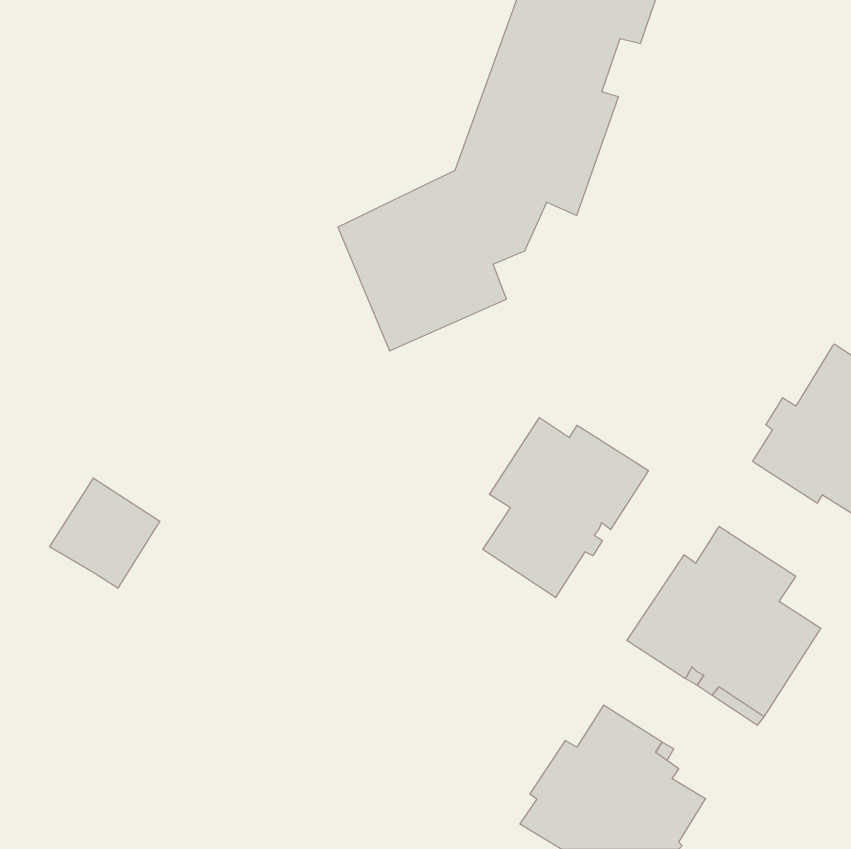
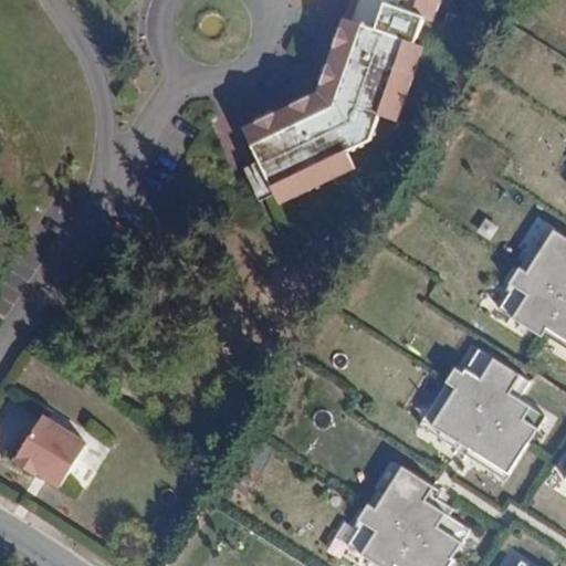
building: [483,418,649,598] -> none
building: [50,478,160,588] -> [14,411,87,484]

